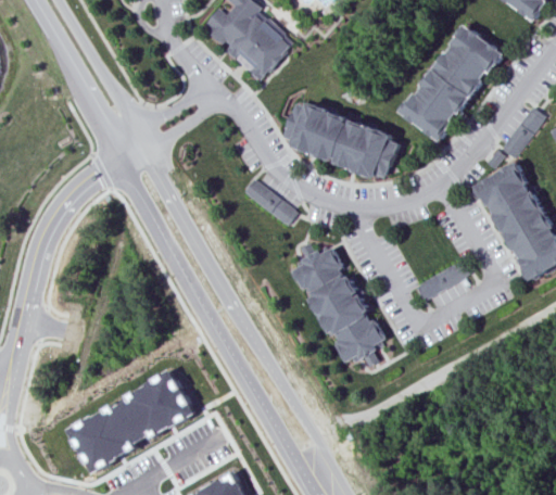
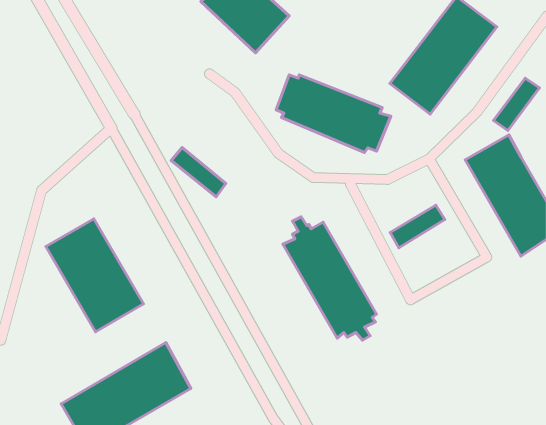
building: [243,177,298,226] -> [171,147,226,197]
building: none -> [46,219,144,332]
building: [415,259,469,302] -> [390,205,445,248]

